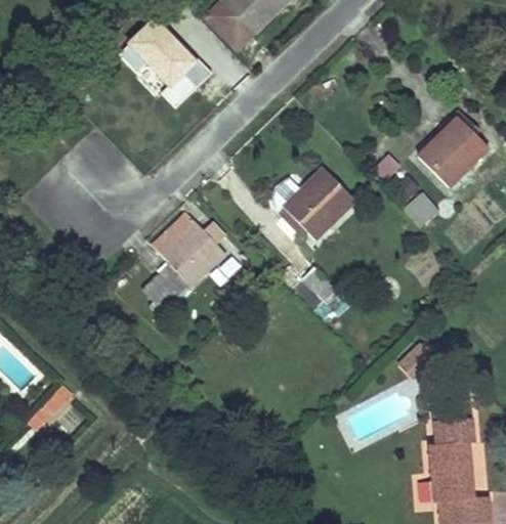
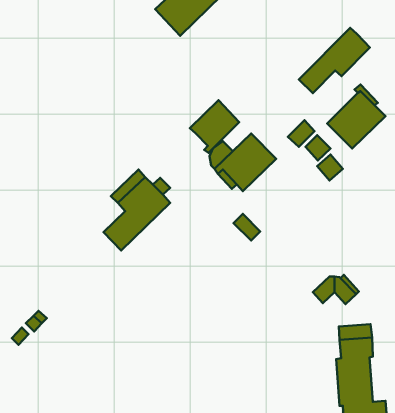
building: [132,29,212,112] -> none
building: none -> [299,28,370,93]
building: none -> [190,100,239,153]

